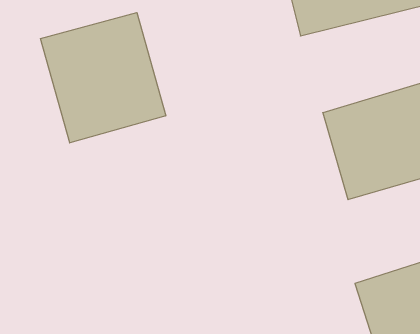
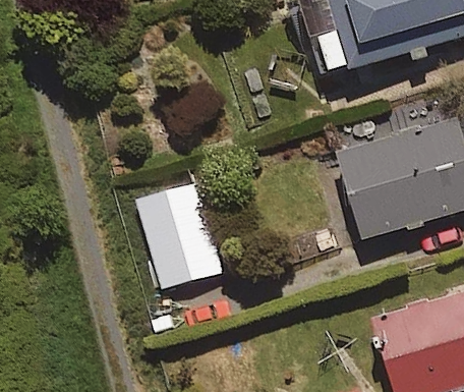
building: [40,13,166,143] -> none
building: none -> [135,180,221,288]

